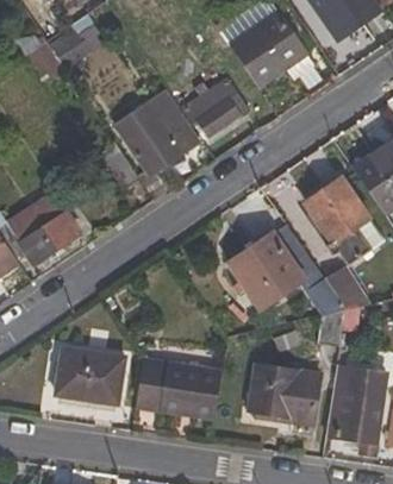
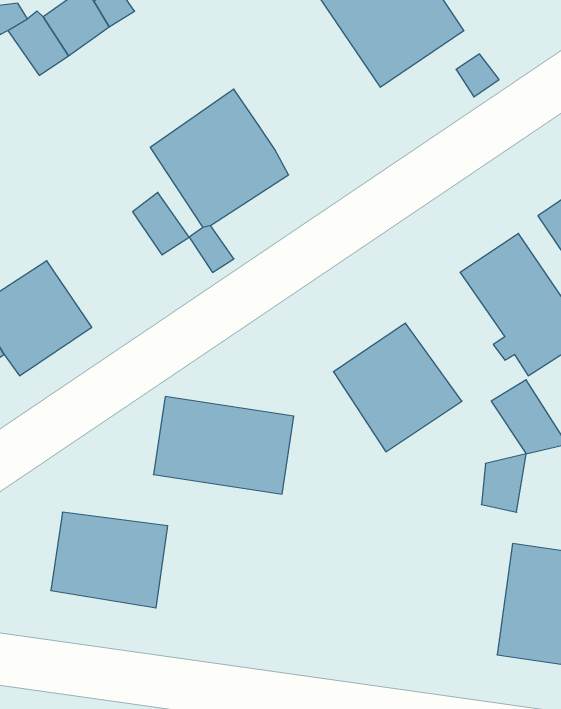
building: [182,76,256,137] -> none
building: [136,358,222,417] -> [153,397,294,494]
building: [248,364,323,427] -> none

